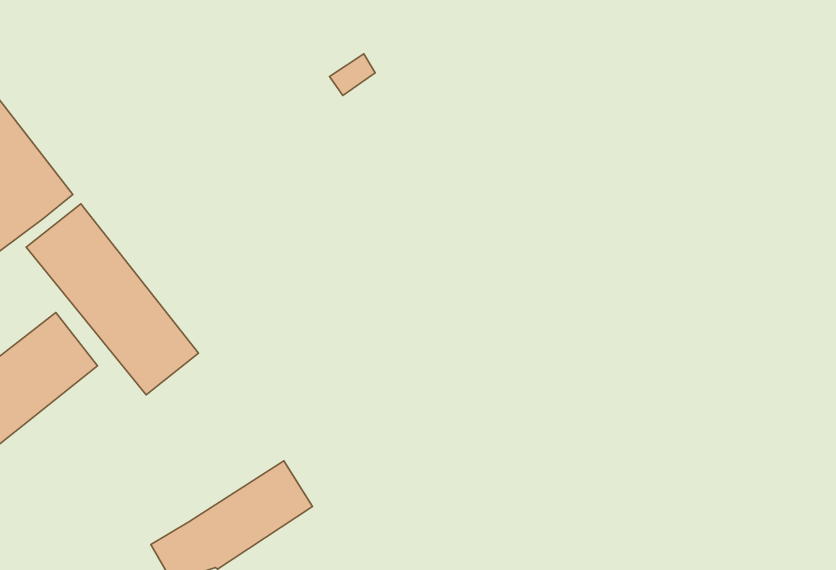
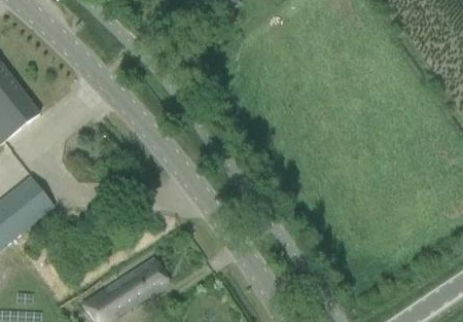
building: [26,204,199,395] -> none

